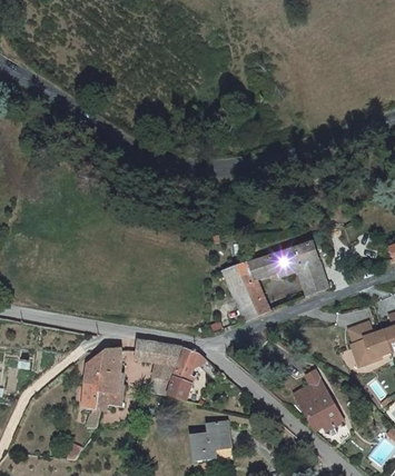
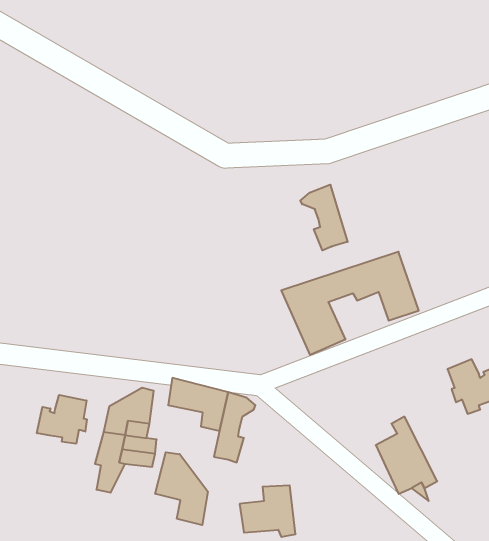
building: none -> [300,185,348,250]
building: none -> [37,395,87,444]
building: none -> [155,452,208,525]

